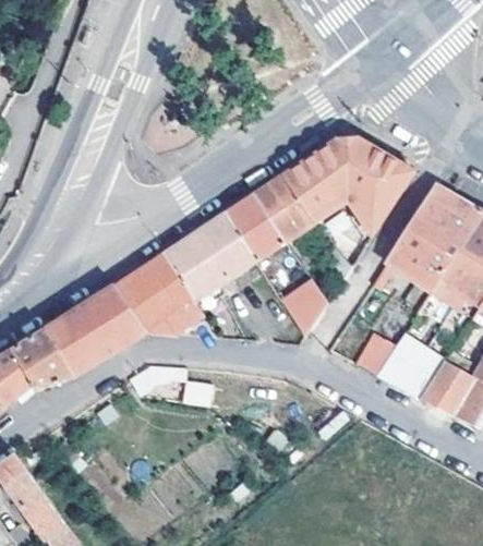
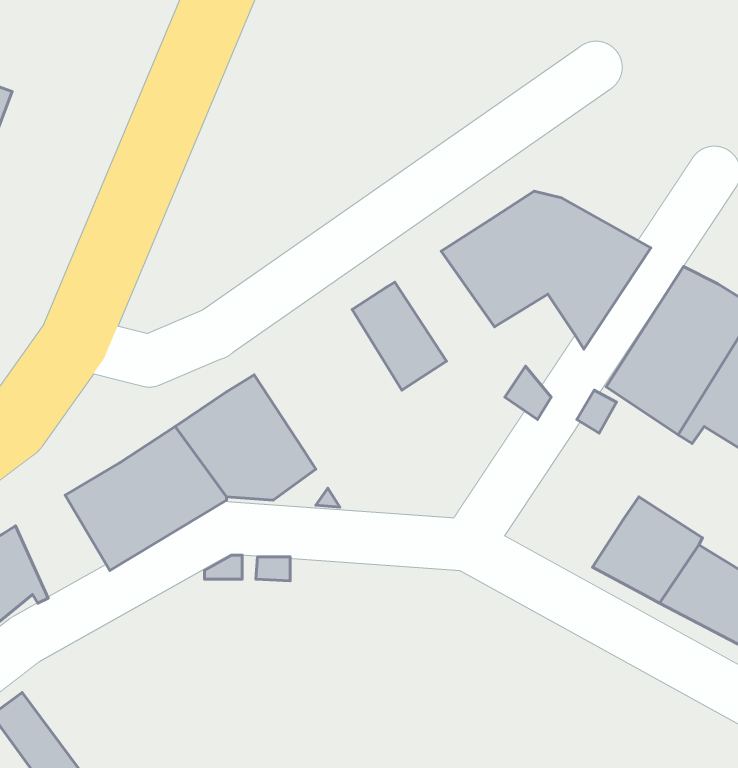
building: [252,174,315,244] -> none
building: [162,211,256,301] -> none
building: [280,280,328,338] -> none
building: [11,329,71,395] -> none
building: [353,330,397,375] -> none

